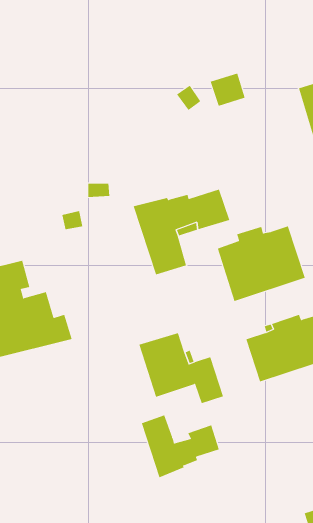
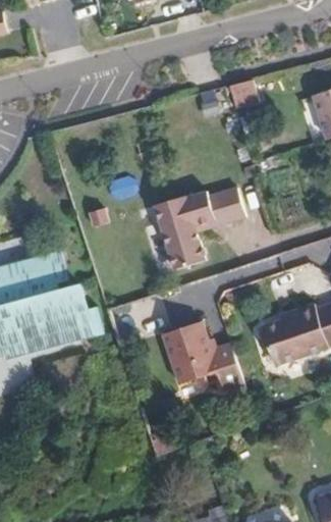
building: [217,225,306,302] -> none
building: [141,415,219,478] -> none

